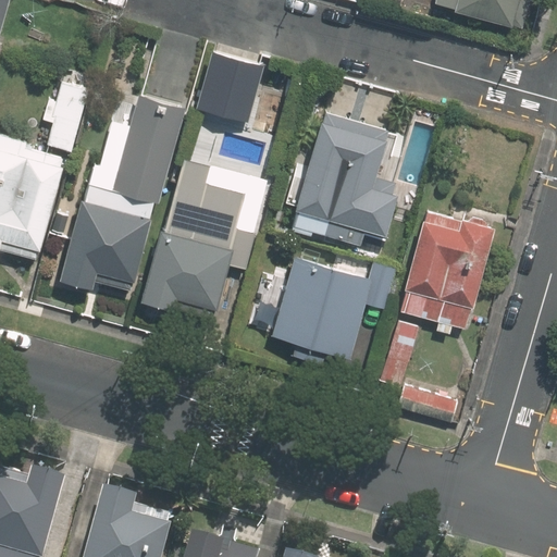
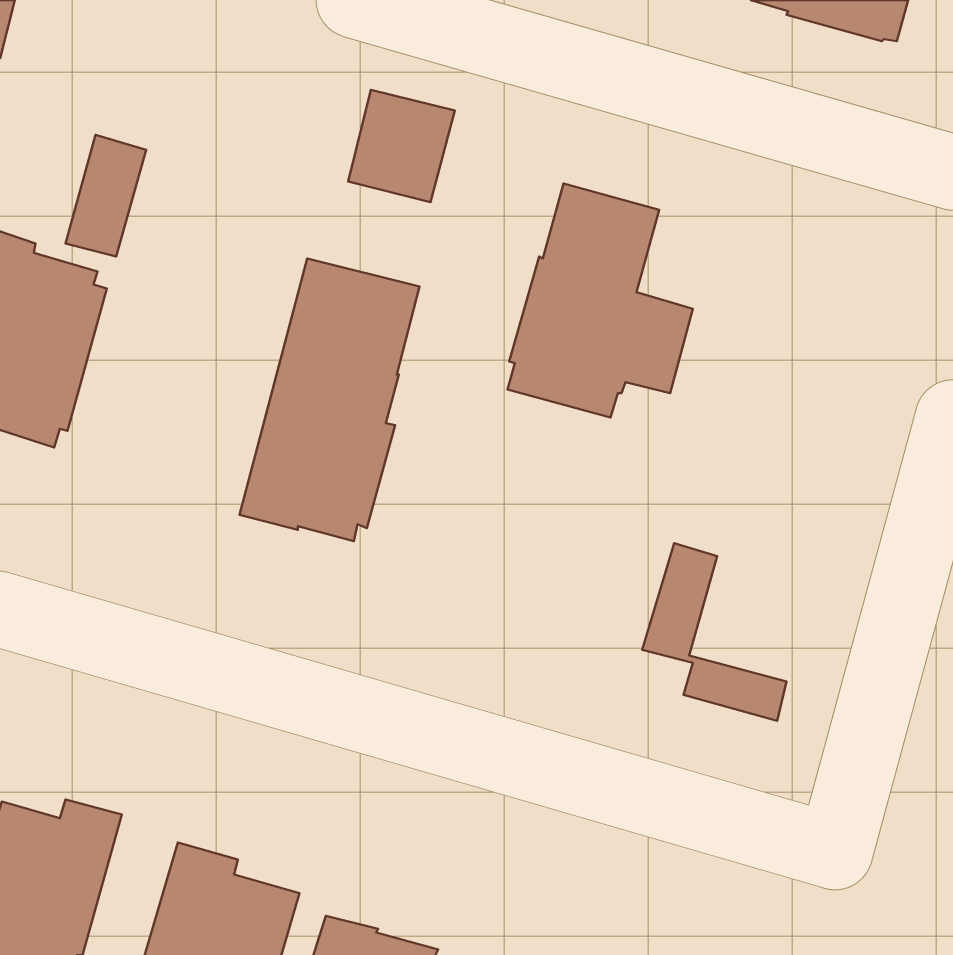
building: [60,95,185,290] -> none
building: [401,212,496,333] -> none
building: [271,257,391,366] -> none

